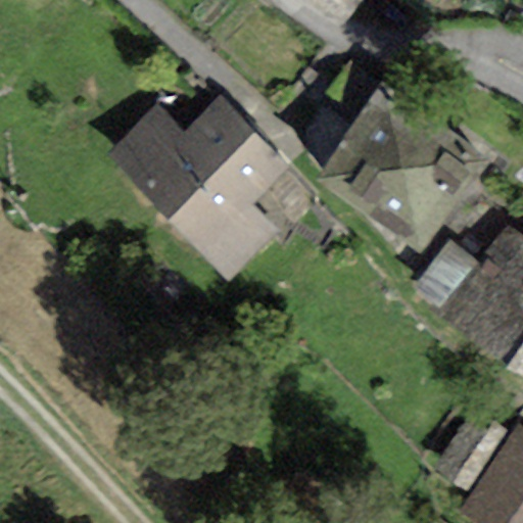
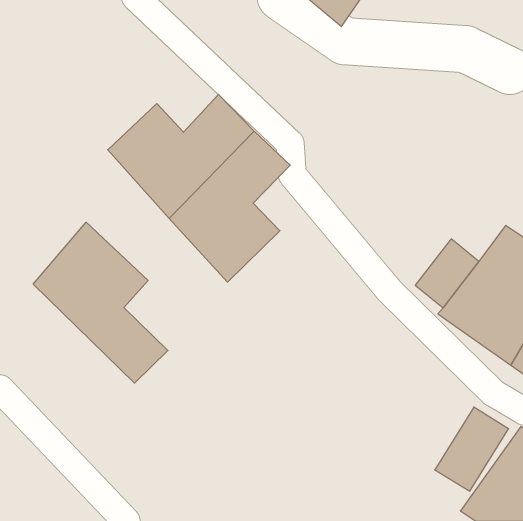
building: [319,79,486,253] -> none
building: none -> [33,222,168,383]

